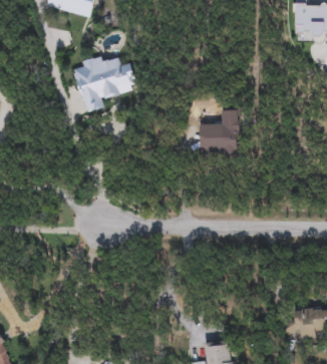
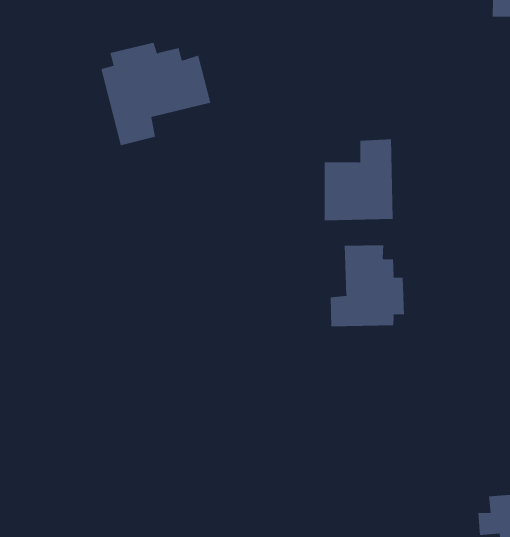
building: none -> [330,244,404,327]

